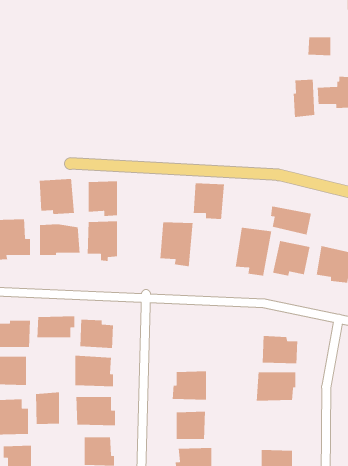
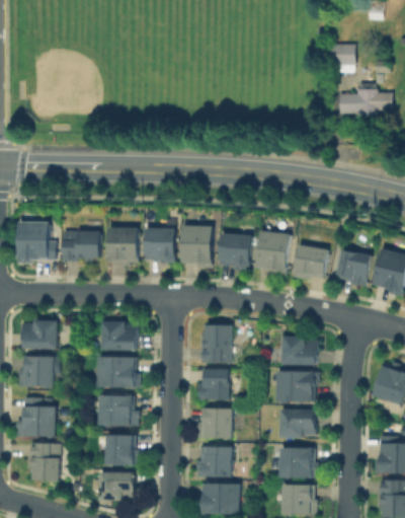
building: [293,79,315,118] -> none
building: [39,178,75,215] -> none
building: [88,181,118,217] -> [145,228,174,264]
building: [193,183,225,220] -> [221,233,252,270]
building: [270,205,312,235] -> none
building: [37,316,75,338] -> none
building: none -> [199,325,232,363]
building: [35,392,60,425] -> none
building: none -> [279,412,317,437]

